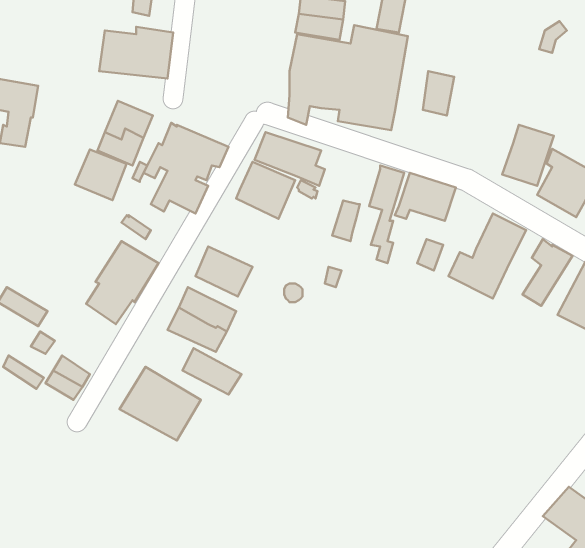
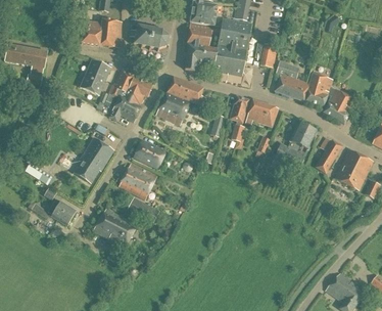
building: none -> [129,25,169,48]
building: none -> [275,61,309,100]
building: [75,150,127,200] -> none

